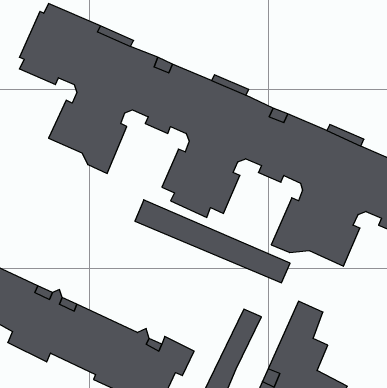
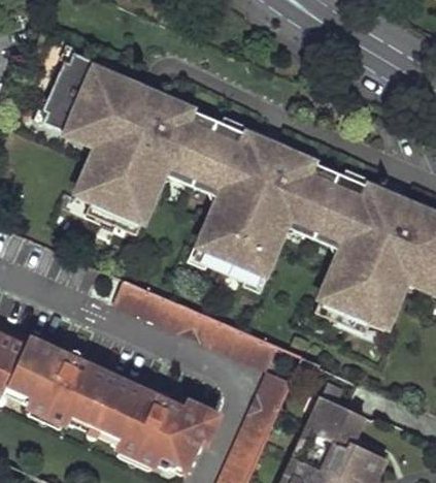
building: [135,200,290,283] -> [118,278,281,365]

